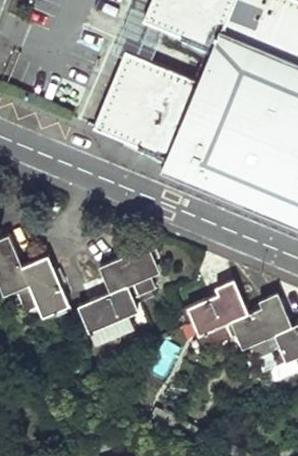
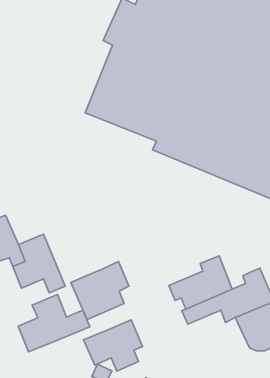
building: [98,246,160,300] -> [84,320,142,371]
building: none -> [18,294,90,352]

